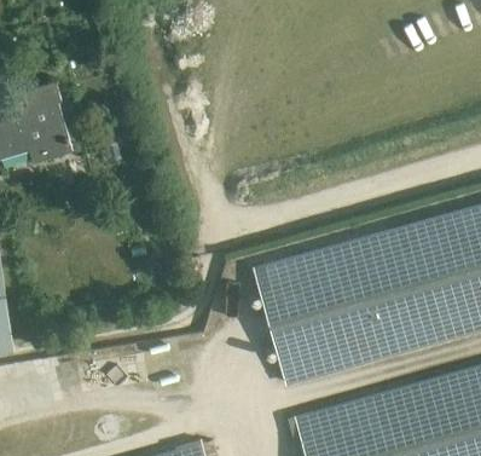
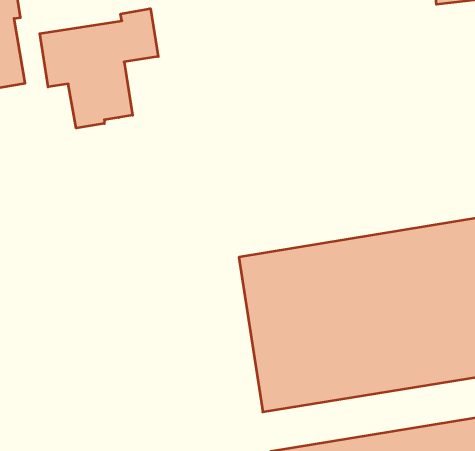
building: none -> [40,9,158,128]

